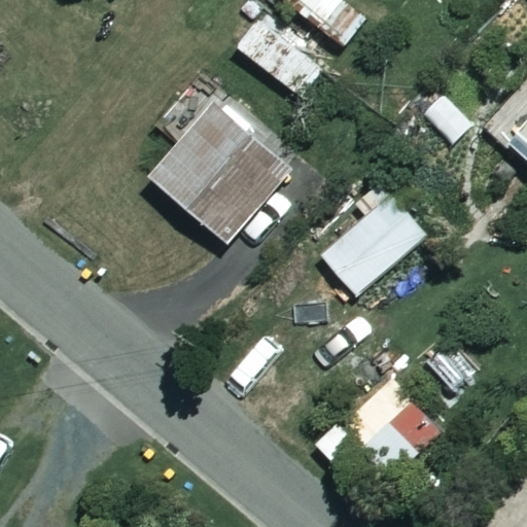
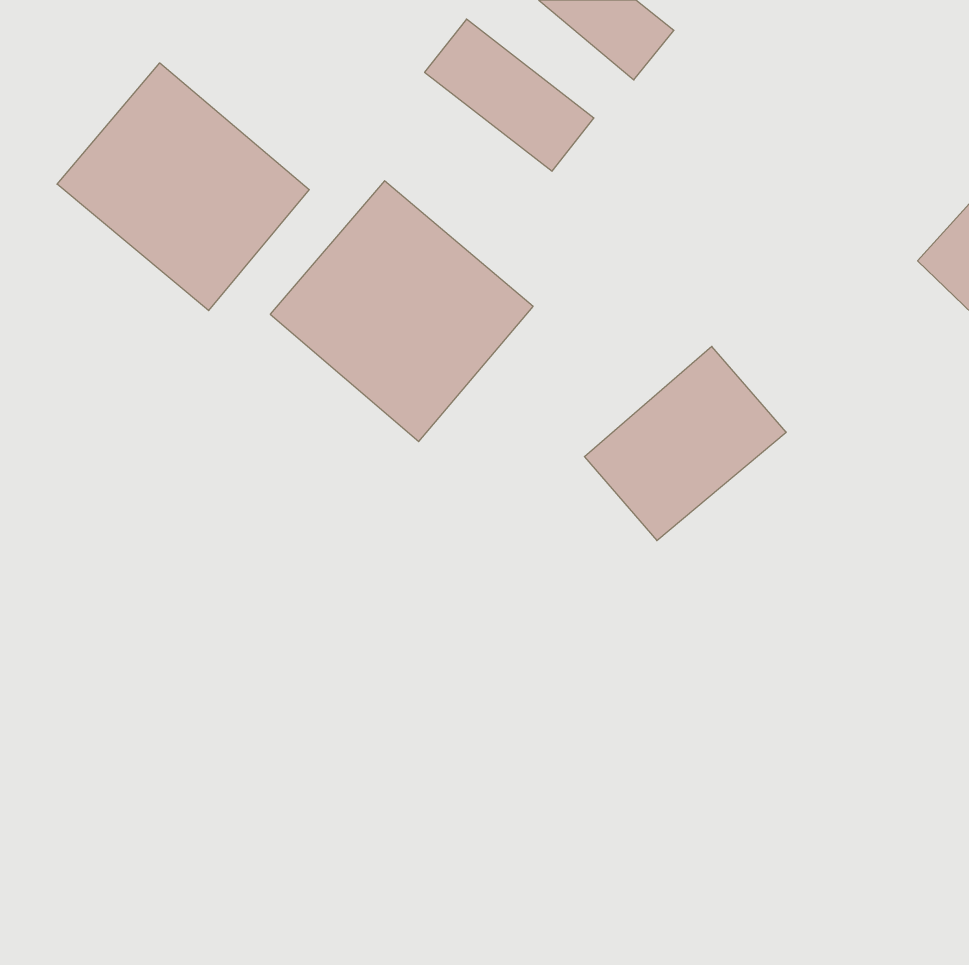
building: none -> [57,63,309,311]

